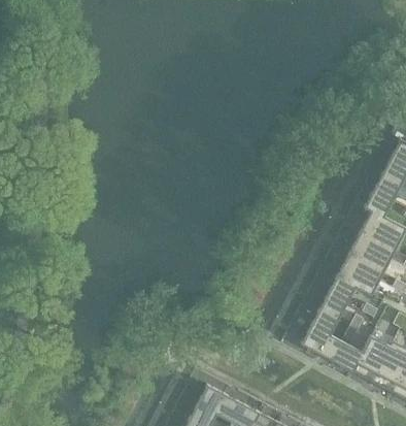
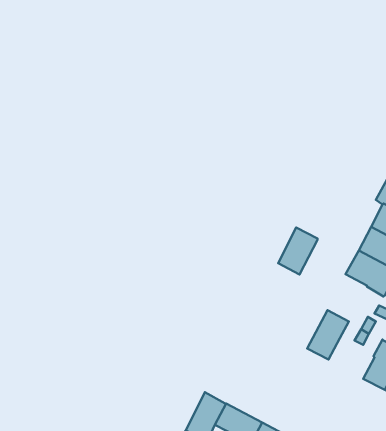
building: [331,281,367,324] -> [278,227,317,275]
building: [332,339,374,376] -> none

